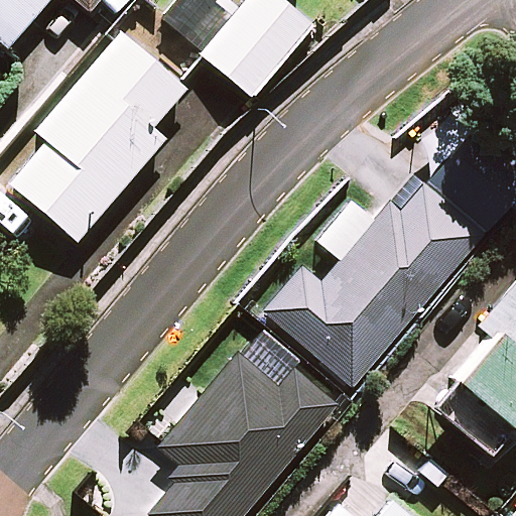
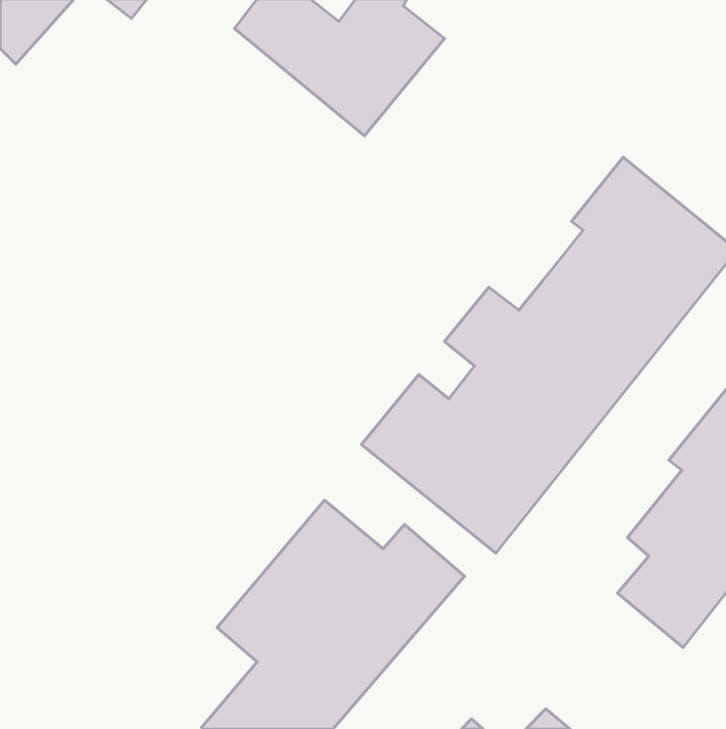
building: [12,13,190,243] -> none

